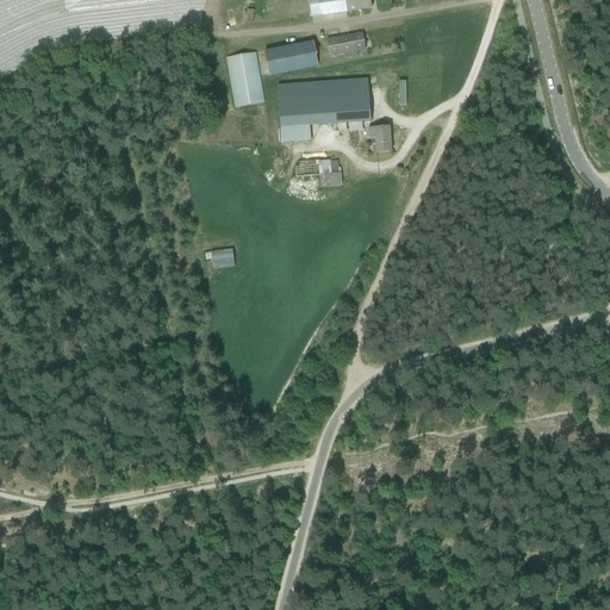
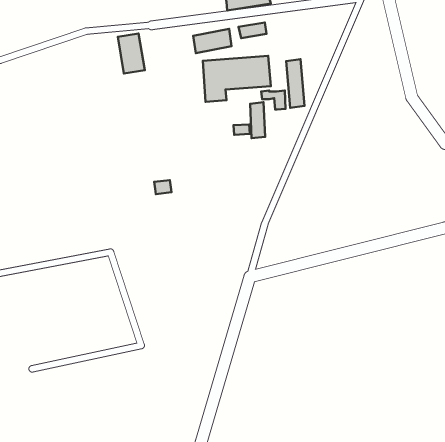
building: [226,50,263,105] -> [118,33,145,74]
building: none -> [286,59,304,108]
building: none -> [250,102,265,138]

